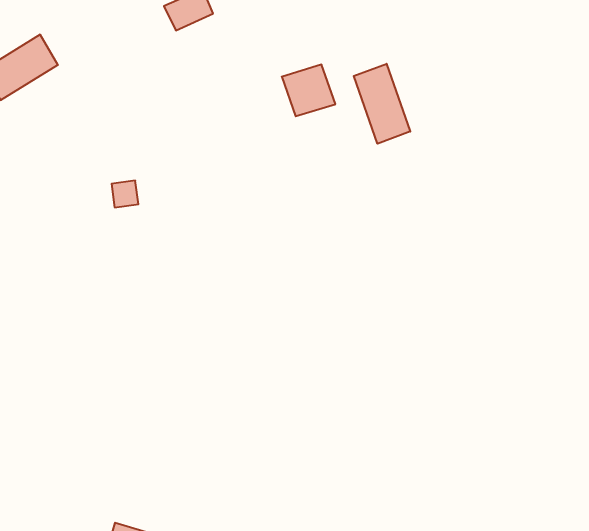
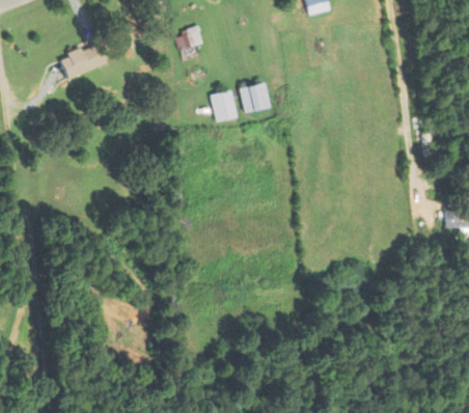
building: [354,64,410,144] -> none
building: none -> [212,90,237,121]

